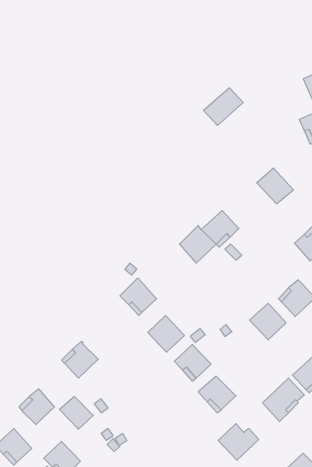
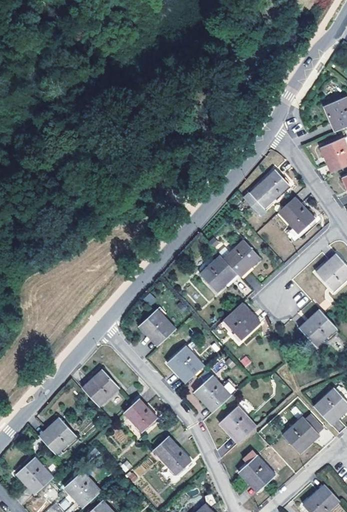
building: [204,88,243,125] -> [248,169,288,207]
building: [249,303,286,340] -> [222,303,259,340]
building: [60,397,93,429] -> [122,401,156,434]
building: none -> [152,438,190,477]

